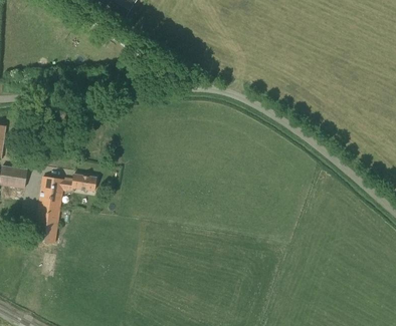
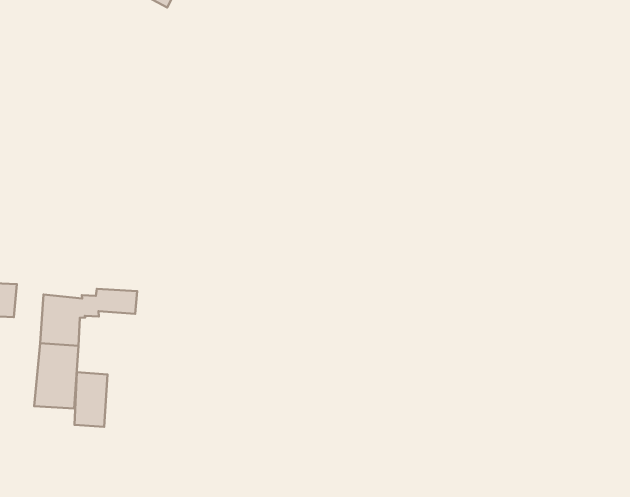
building: none -> [74,372,108,427]

